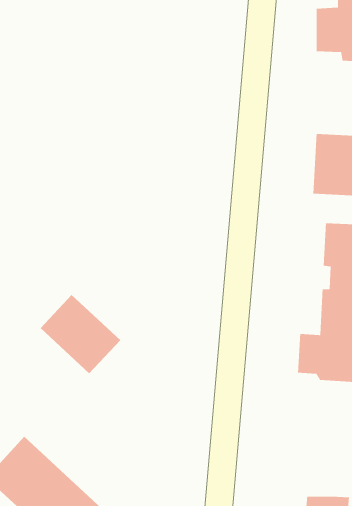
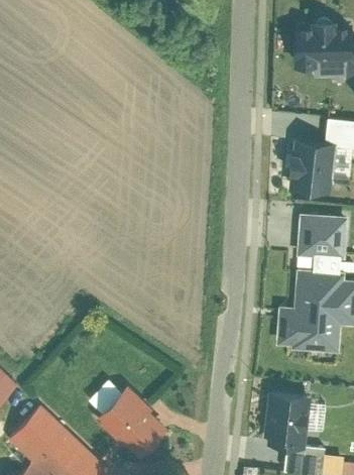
building: [40,294,121,374] -> [97,383,166,452]
building: none -> [271,396,307,452]

